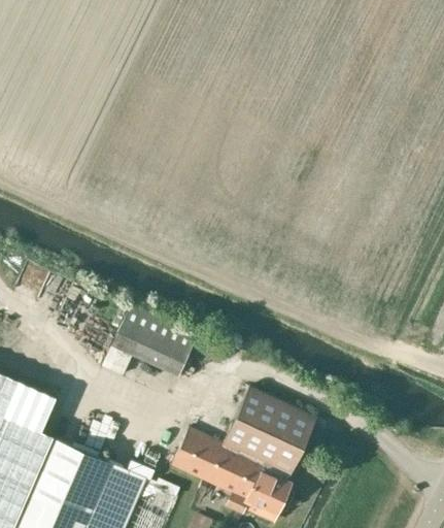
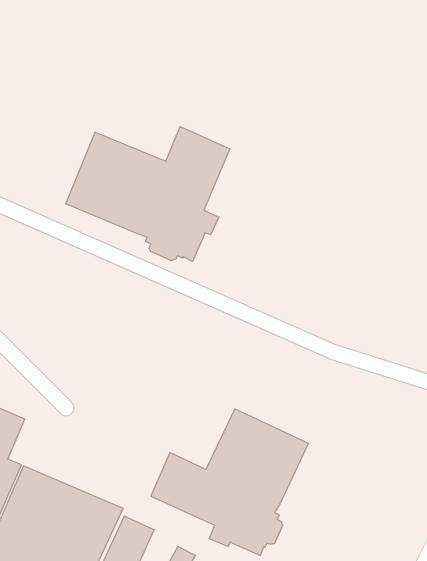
building: none -> [66,126,230,261]
building: [101,303,198,377] -> none

